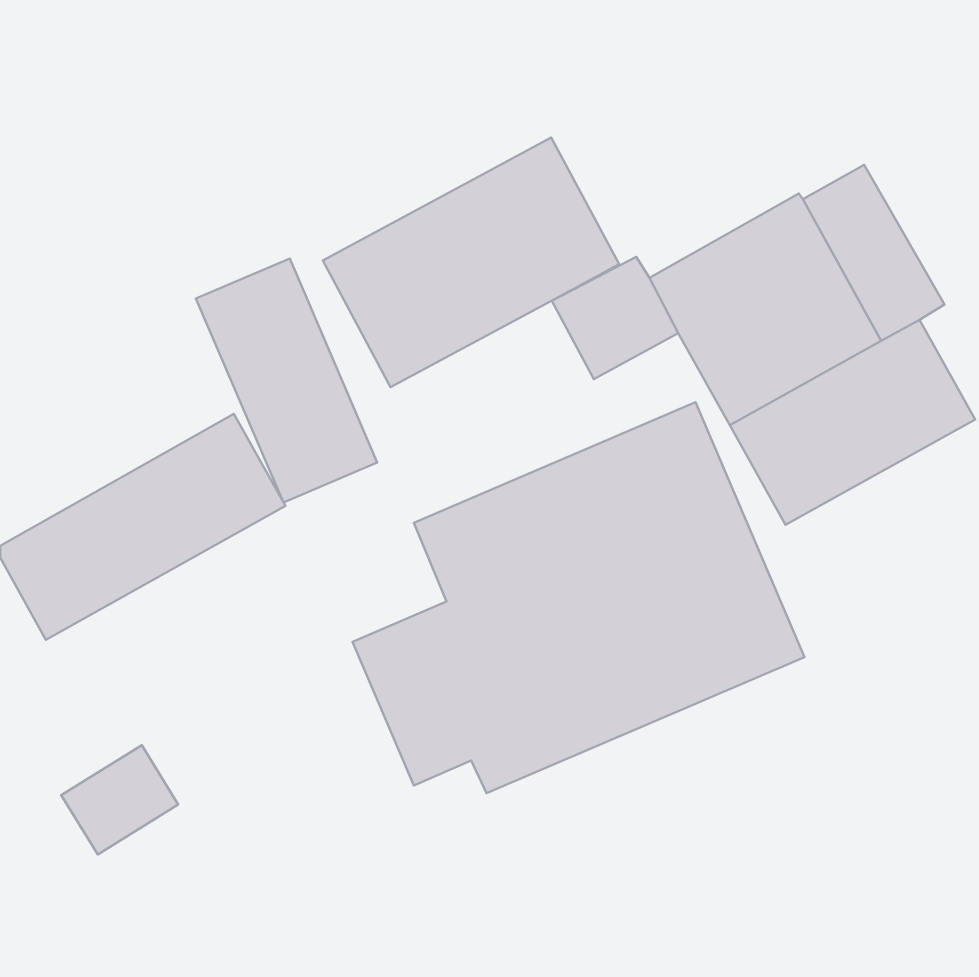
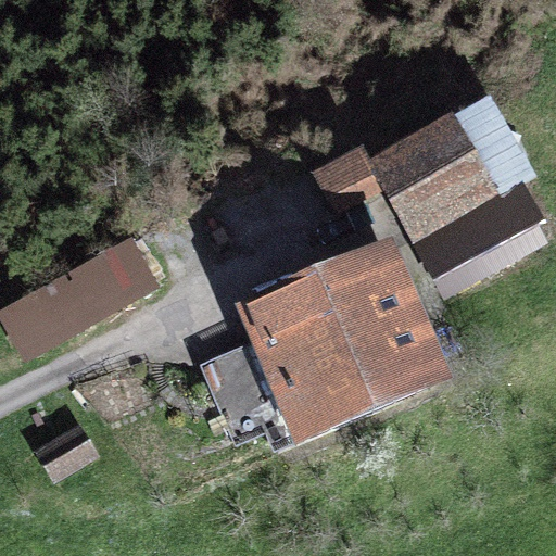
building: [323,138,619,387] -> none
building: [196,258,377,502] -> none

